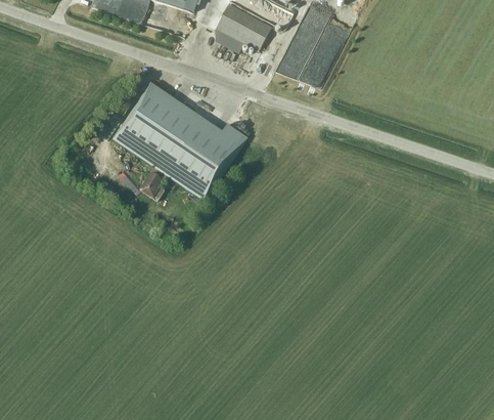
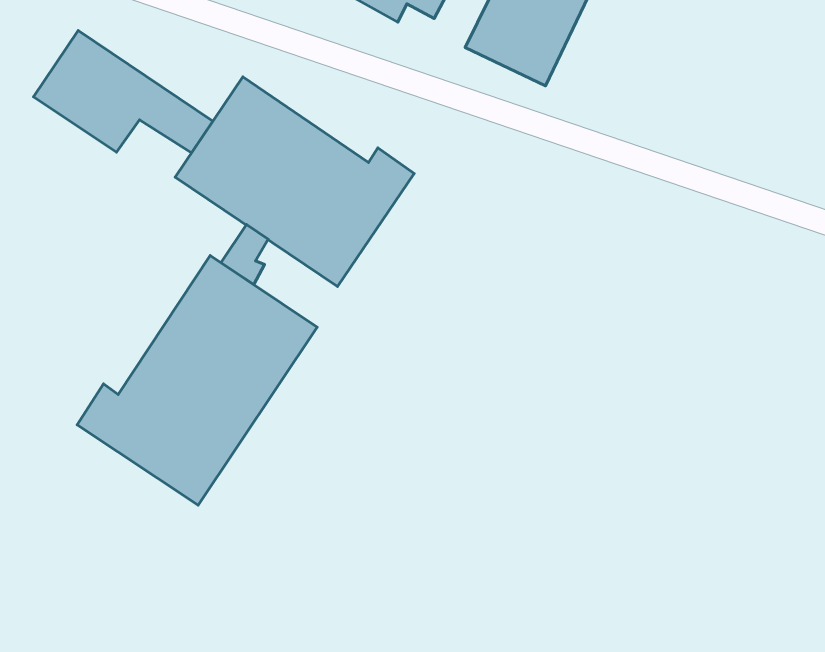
building: none -> [33,31,213,153]
building: none -> [77,256,317,505]

